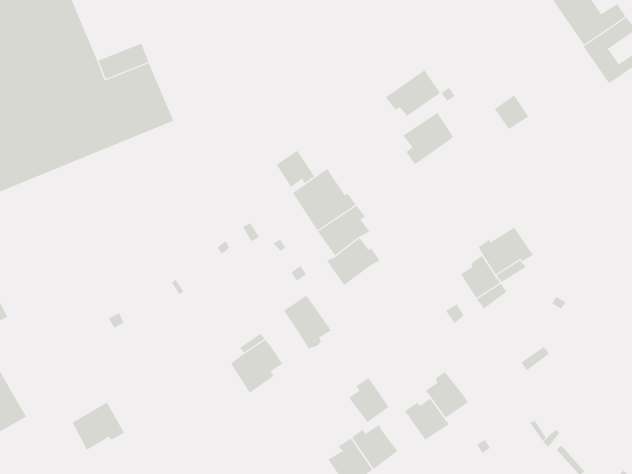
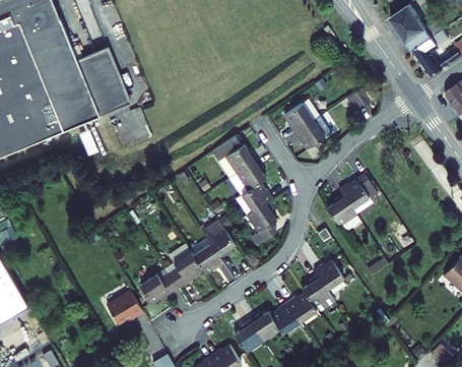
building: [385,69,441,117] -> [295,113,334,145]
building: [276,150,315,188] -> none
building: none -> [247,201,275,245]
building: none -> [197,245,227,274]
building: none -> [314,260,345,290]
building: none -> [143,269,182,303]
building: [348,377,389,423] -> [274,302,303,333]
building: [72,402,125,451] -> [108,295,144,328]

